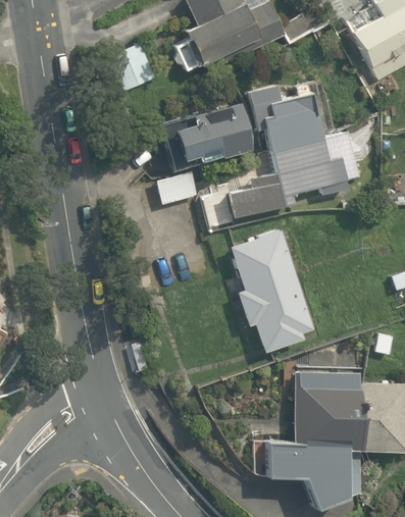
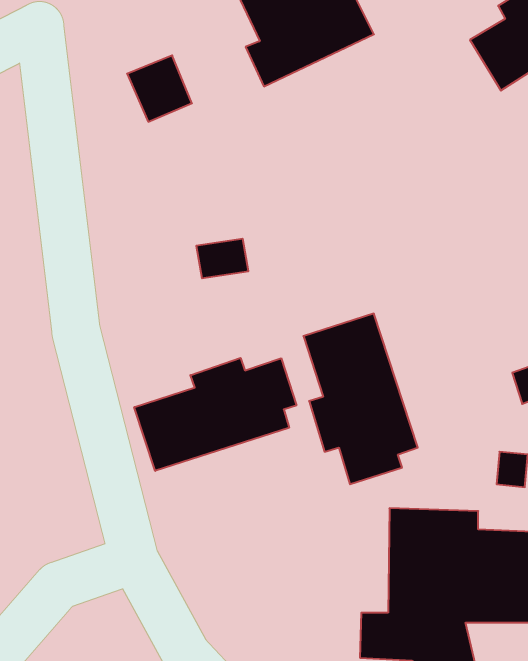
building: [179,81,361,220] -> none
building: none -> [134,358,296,471]

